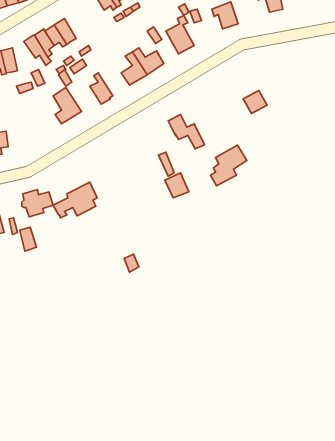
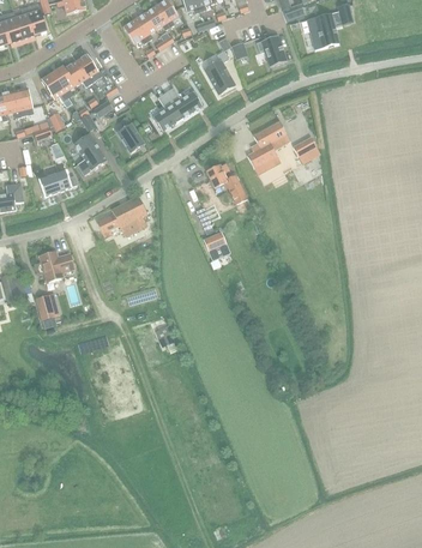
building: none -> [38,169,77,195]
building: [210,145,247,186] -> [248,120,290,167]
building: [53,182,97,218] -> [96,195,146,236]

